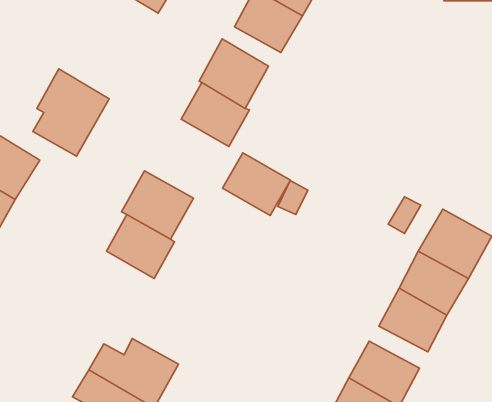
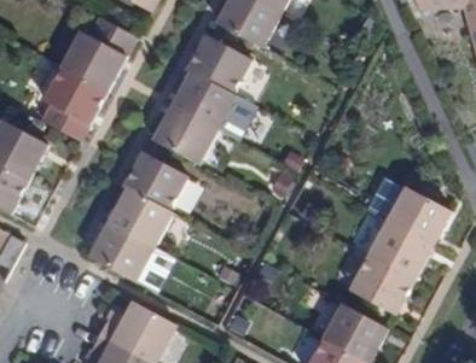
building: none -> [66,16,141,89]
building: [222,153,290,216] -> [157,107,217,163]
building: none -> [91,224,151,280]

